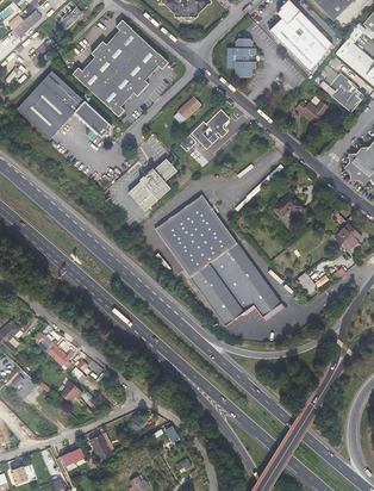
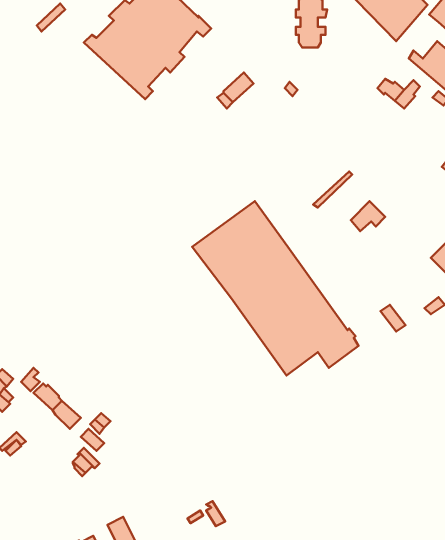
building: [17,70,113,138] -> none
building: [191,108,231,149] -> none
building: [129,157,177,211] -> none

